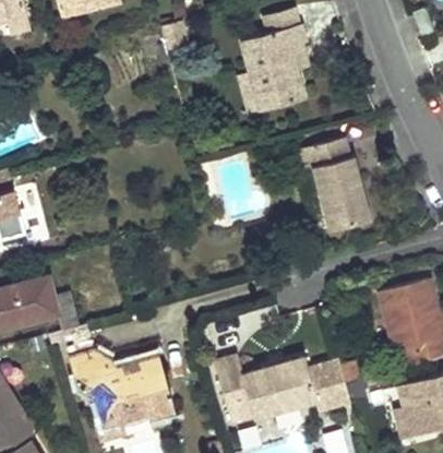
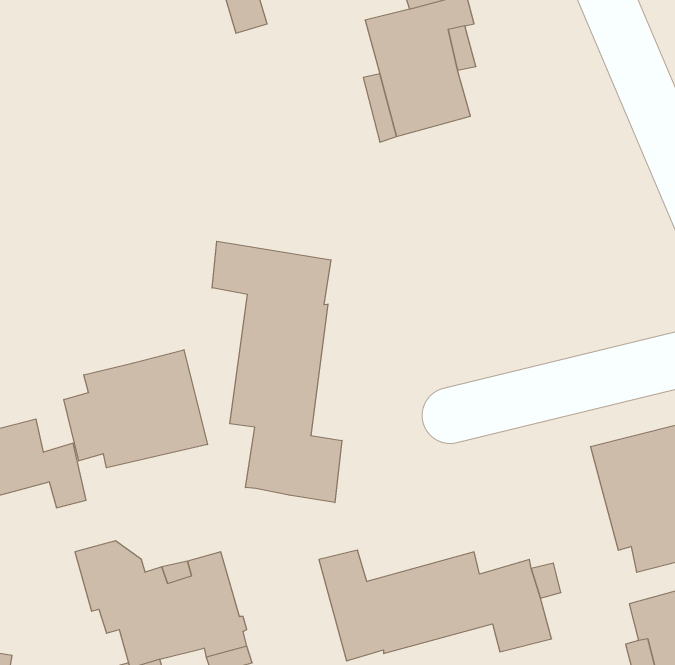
building: [297,139,373,231] -> none
building: none -> [212,241,342,503]
building: none -> [64,350,208,468]

